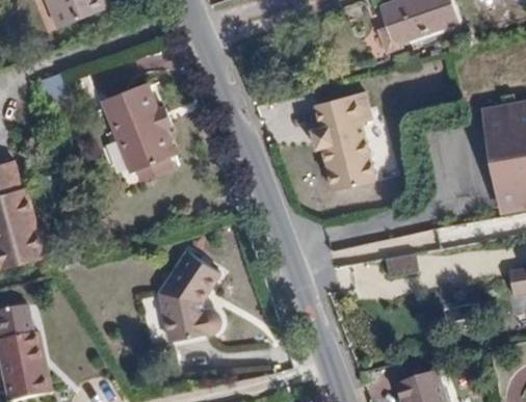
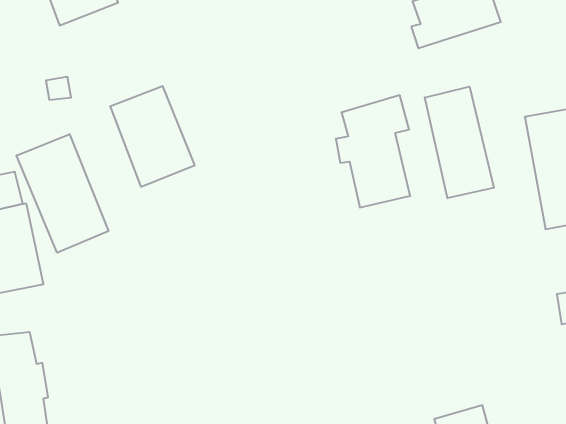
building: none -> [425,87,494,198]
building: none -> [16,134,109,253]
building: [157,250,222,344] -> none

